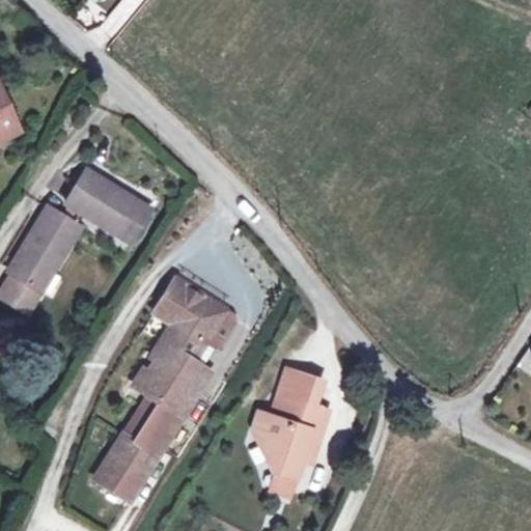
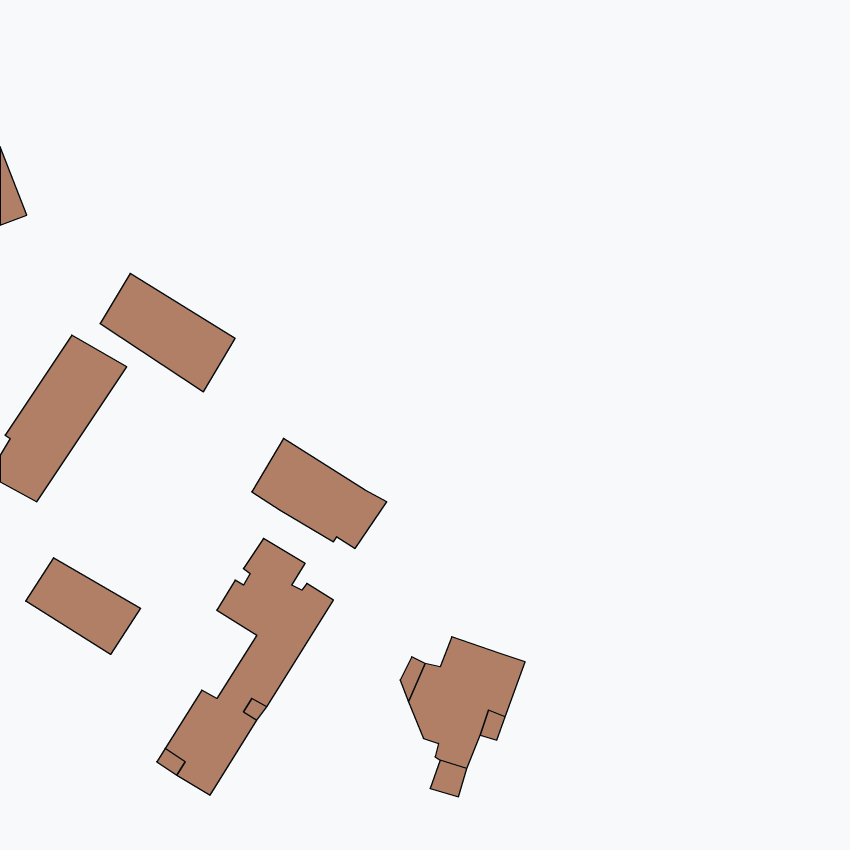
building: [165,318,214,374] -> none
building: none -> [26,558,141,654]
building: [282,371,320,408] -> none

